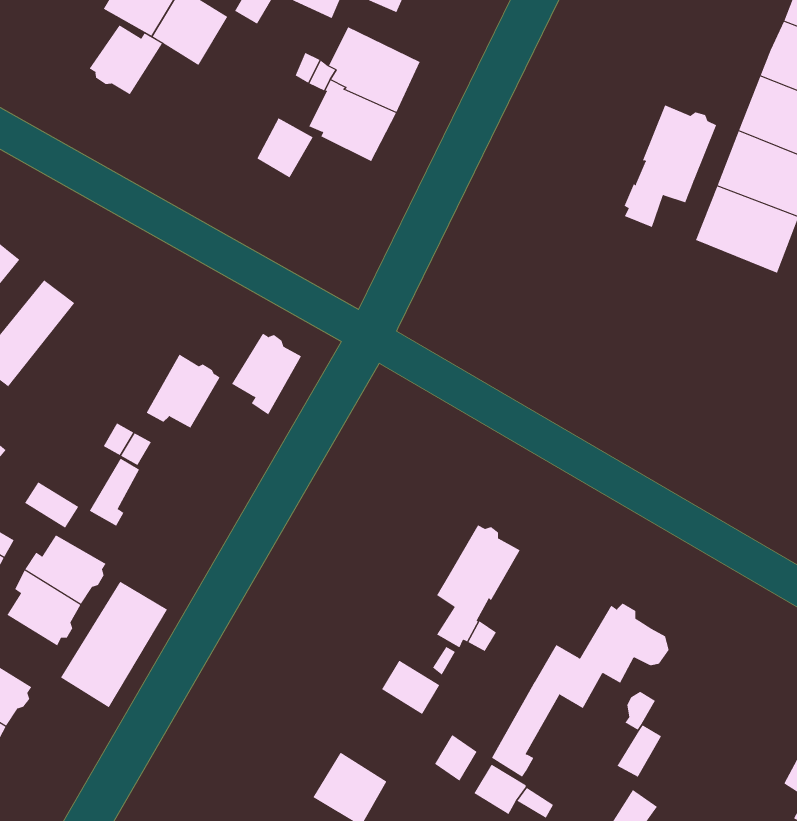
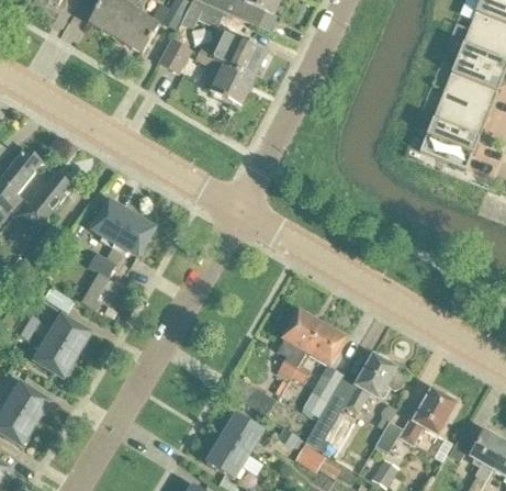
building: [89,24,163,95] -> none
building: [624,104,717,228] -> none
building: [257,117,313,178] -> [159,38,191,72]
building: [231,333,302,415] -> [91,201,131,247]
building: none -> [305,324,346,405]
building: [60,581,168,708] -> none
building: none -> [400,389,456,444]
building: none -> [221,413,262,454]

